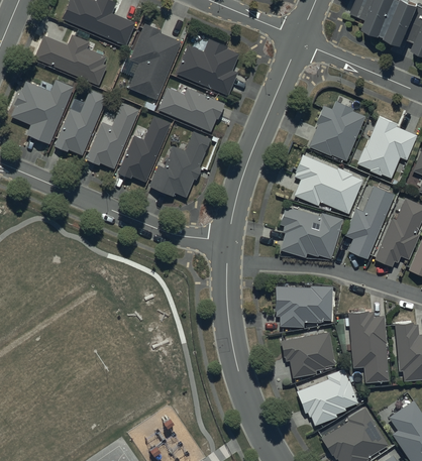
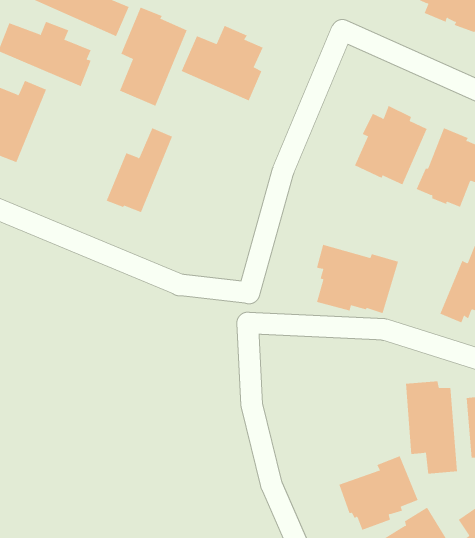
building: [157,87,224,131] -> none
building: [54,90,106,155] -> none
building: [86,103,138,168] -> none
building: [148,130,211,198] -> none
building: [294,153,363,214] -> none
building: [344,186,394,258] -> none
building: [275,285,332,327] -> none
building: [281,332,335,377] -> none

